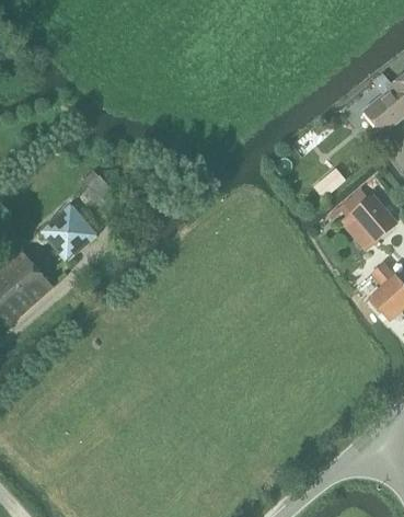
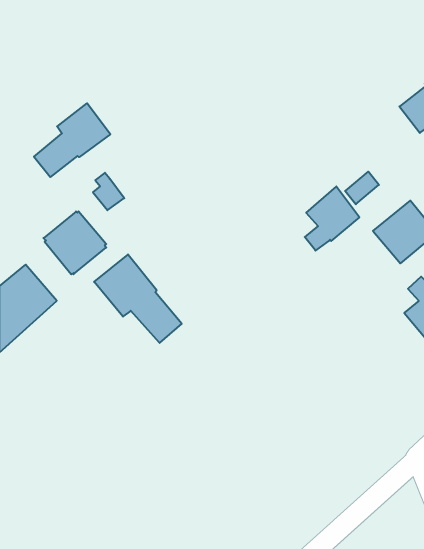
building: none -> [34,103,110,177]
building: none -> [305,186,359,251]
building: none -> [94,254,182,343]

